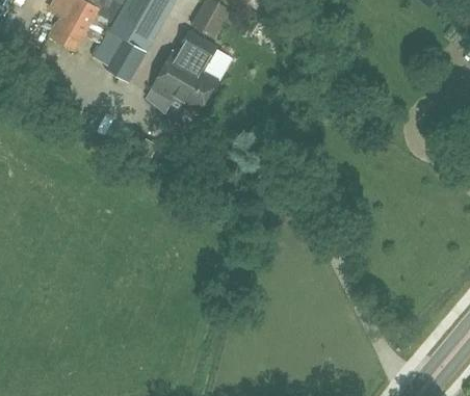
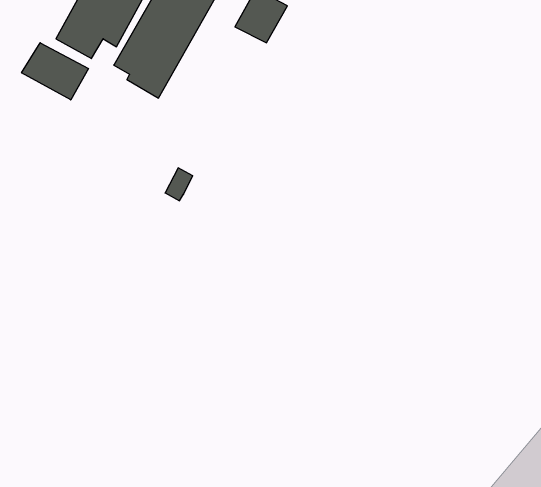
building: [151,29,218,111] -> none
building: none -> [22,43,88,100]

